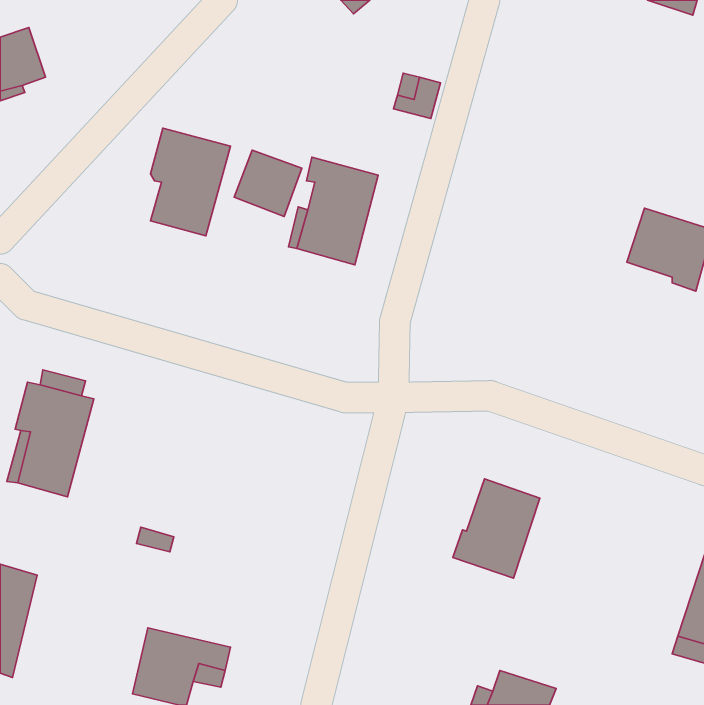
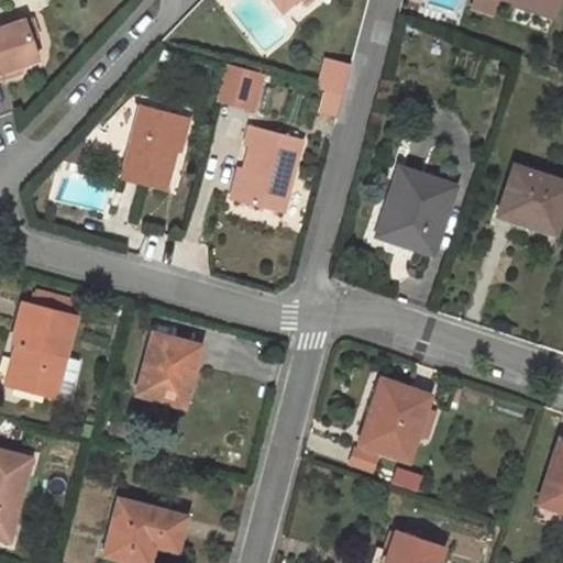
building: [234,150,302,216] -> [211,62,265,114]
building: none -> [378,170,453,252]
building: none -> [139,334,199,405]

